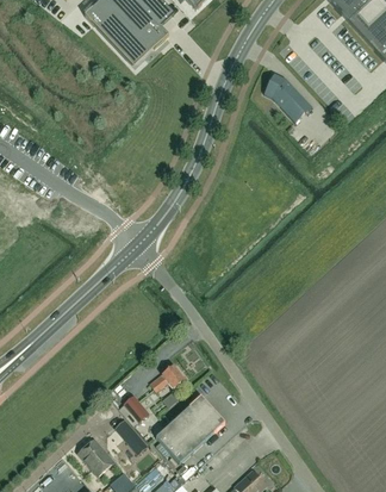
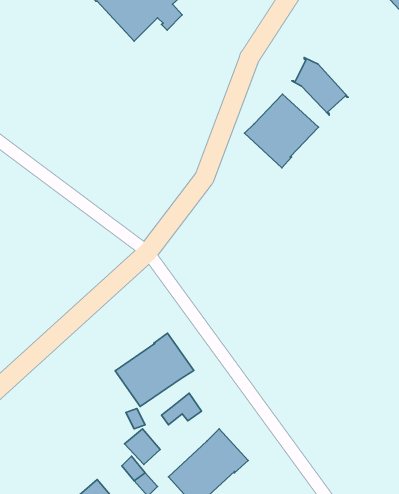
building: none -> [244,94,318,168]
building: none -> [115,333,194,407]

